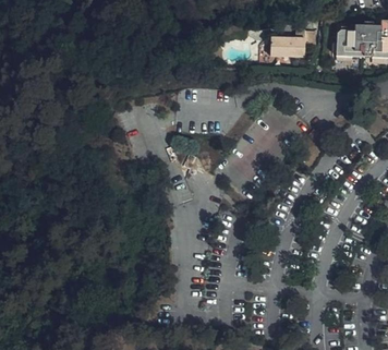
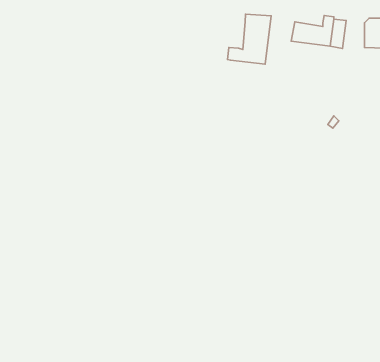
building: none -> [227,14,271,64]

